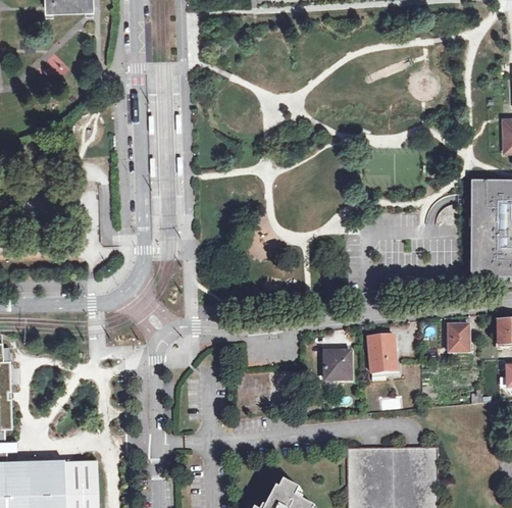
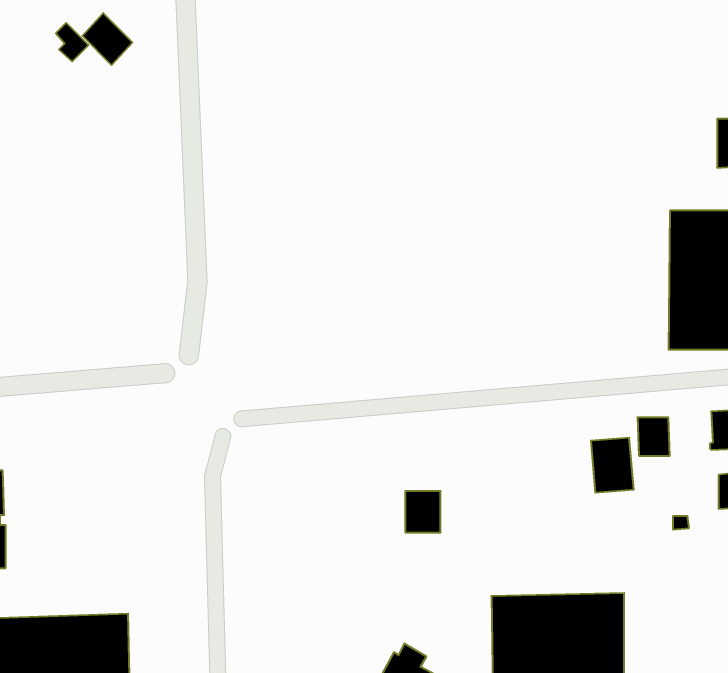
building: none -> [82,13,132,65]
building: [368,334,398,371] -> [591,438,634,493]
building: [326,351,351,379] -> [405,491,441,532]

